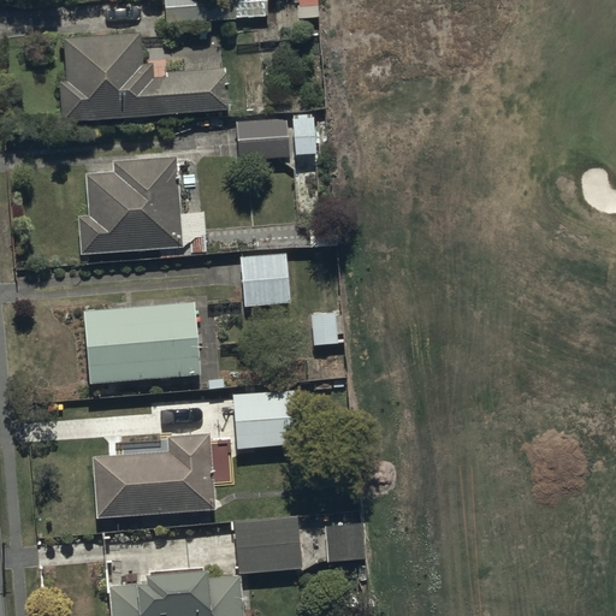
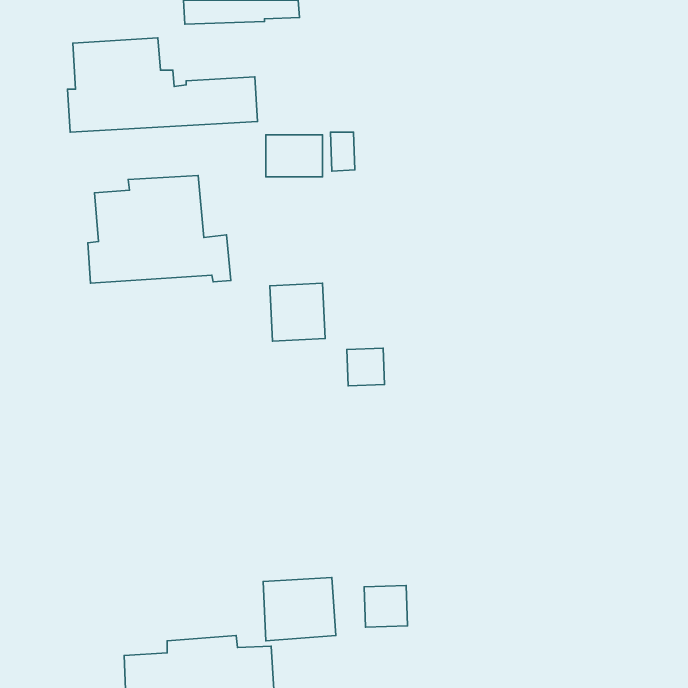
building: [84,301,201,384] -> none
building: [232,390,298,450] -> none
building: [93,433,214,519] -> none

